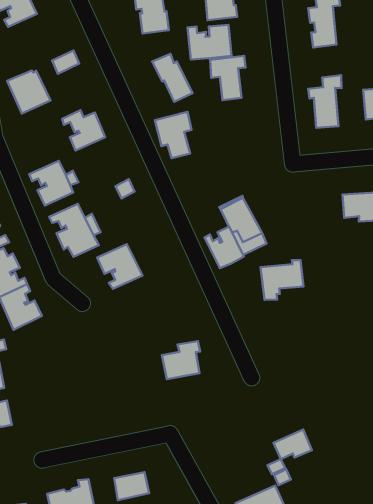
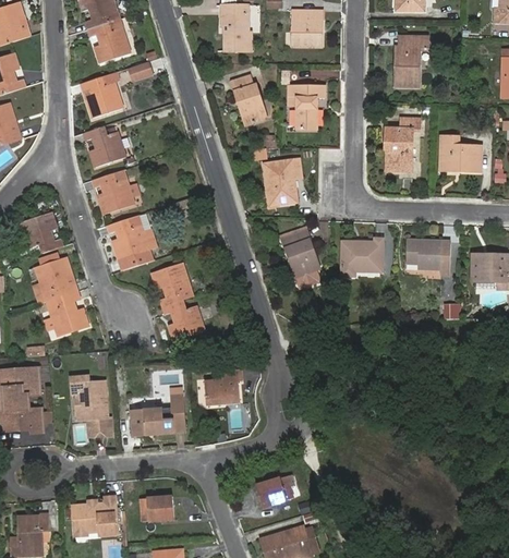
building: none -> [88,19,131,63]
building: [187,25,231,59] -> none
building: [62,110,105,150] -> [84,126,125,167]
building: [155,112,192,158] -> [265,159,301,204]
building: [205,227,244,268] -> none
building: [260,260,304,300] -> [341,238,383,276]
building: none -> [162,300,205,341]
building: none -> [72,375,111,436]
building: none -> [131,395,185,435]
building: [273,430,312,459] -> [255,475,293,502]

